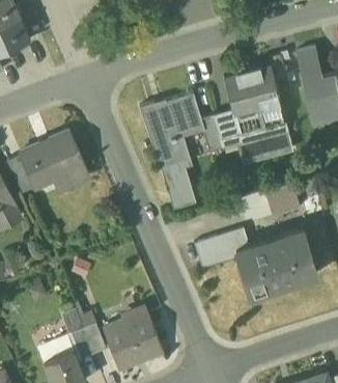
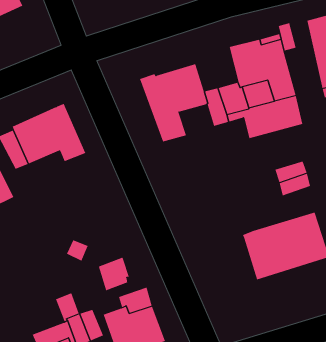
building: [161,161,196,209] -> none
building: [194,229,246,268] -> none
building: none -> [98,257,129,291]

